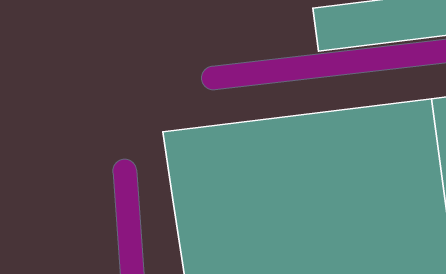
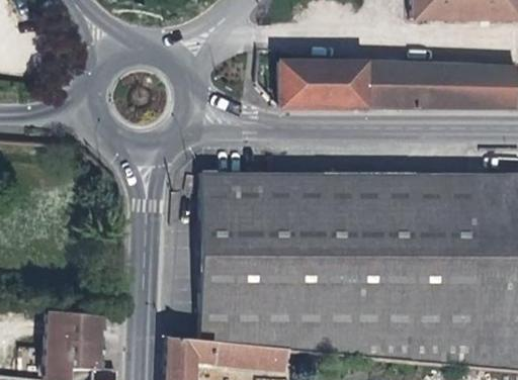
building: none -> [278,64,369,109]

